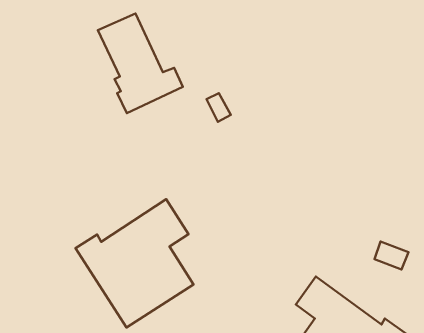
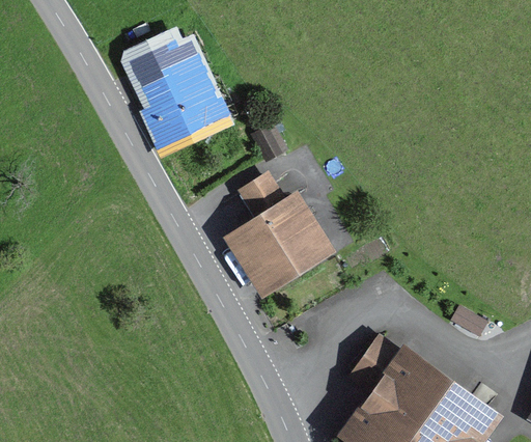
building: none -> [235,179,324,286]
building: [75,199,194,328] -> none

